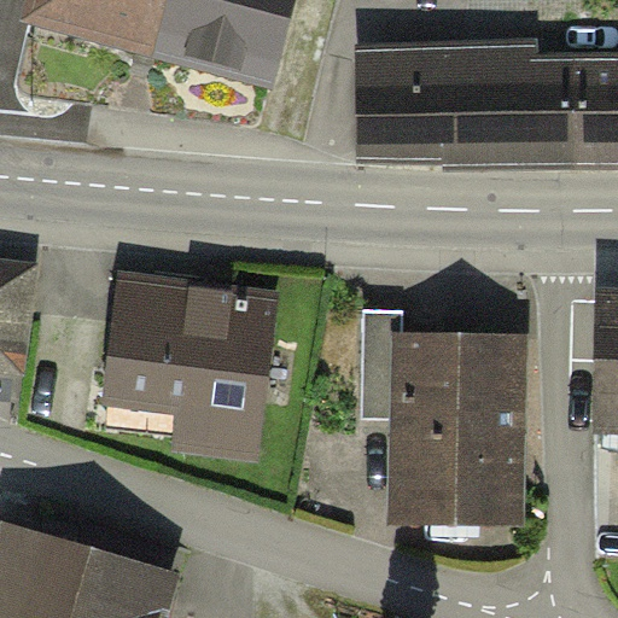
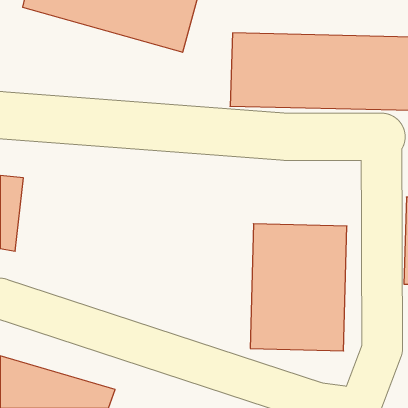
building: [93,263,284,455] -> none

